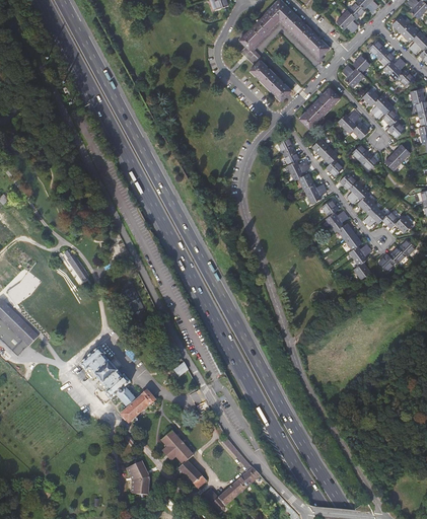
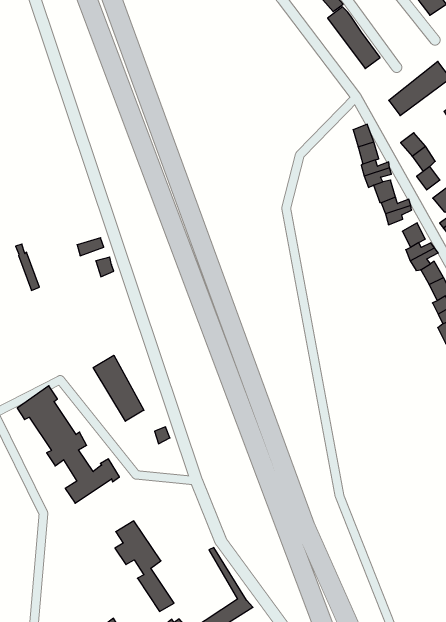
building: none -> [93,355,144,421]
building: [124,459,148,494] -> none

